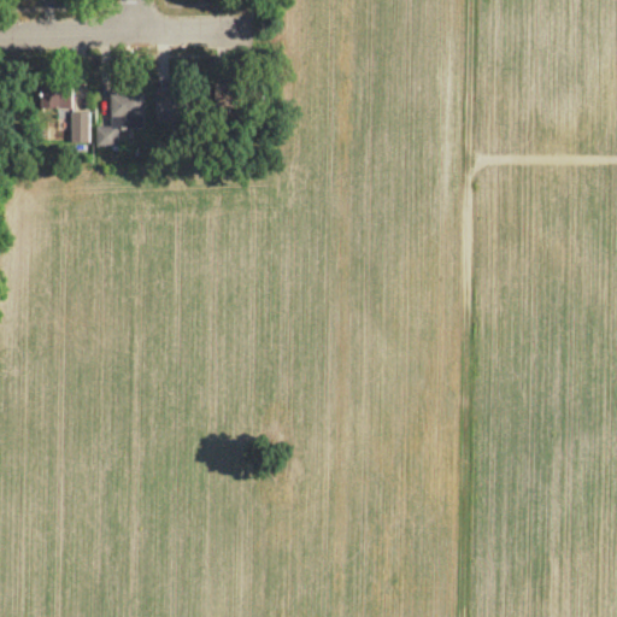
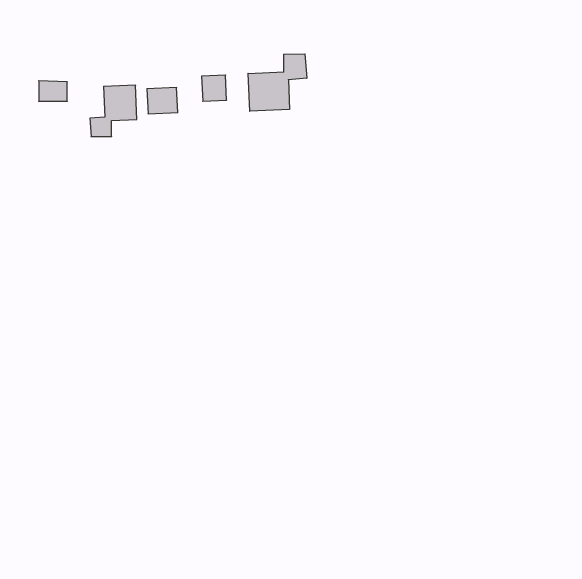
building: none -> [248,54,307,111]
building: [70,112,89,143] -> none

